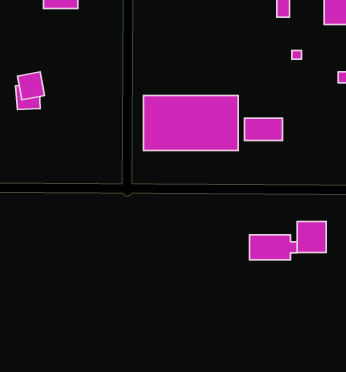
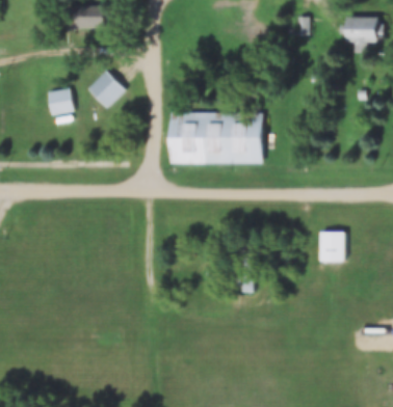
building: none -> [87,72,125,108]
building: [244,118,282,141] -> none
building: [249,235,297,260] -> none

